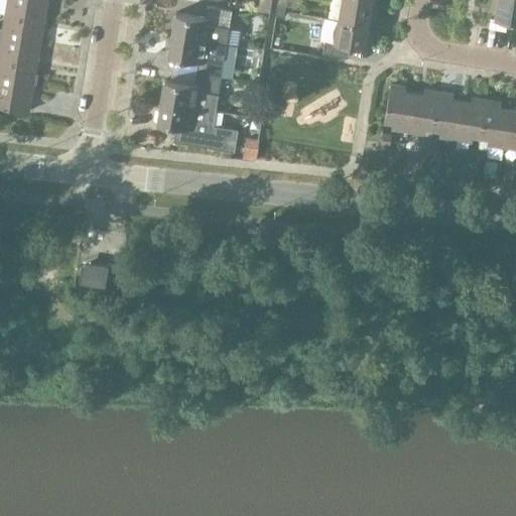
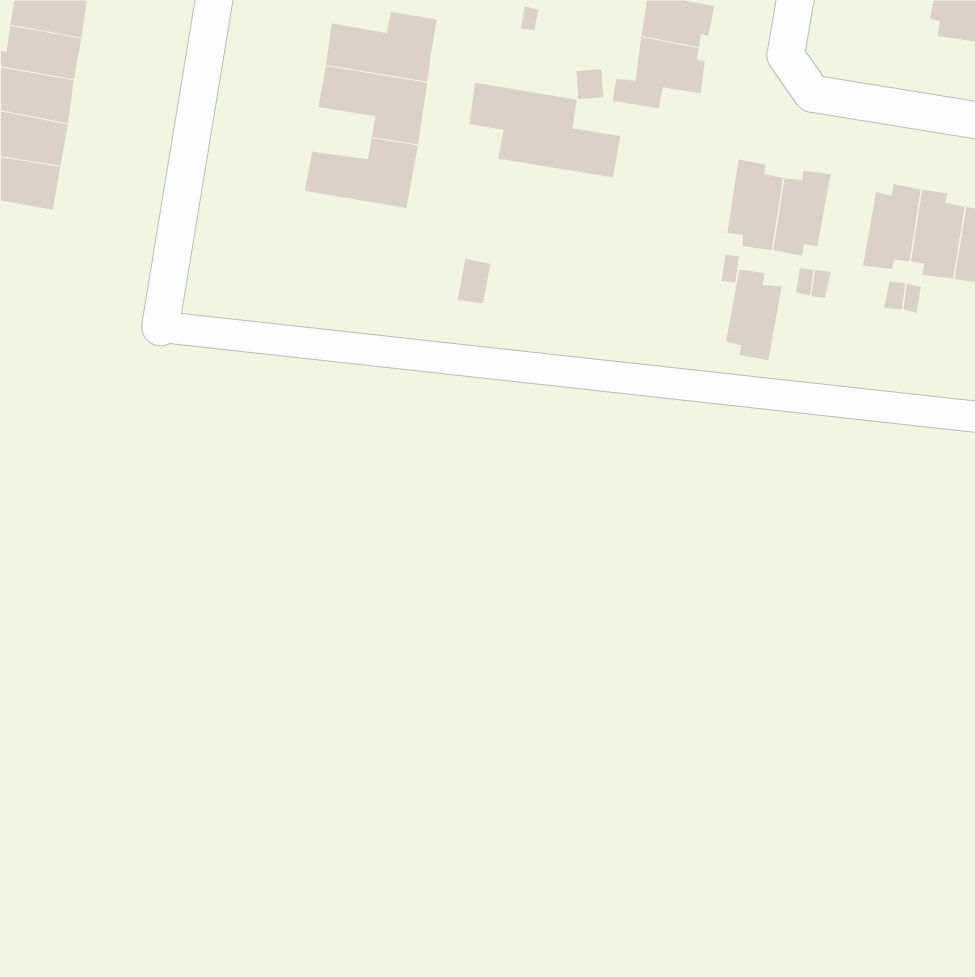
building: [432,92,463,140] -> [725,269,783,361]
building: [158,101,239,151] -> [468,82,621,178]
building: [80,261,110,288] -> none

